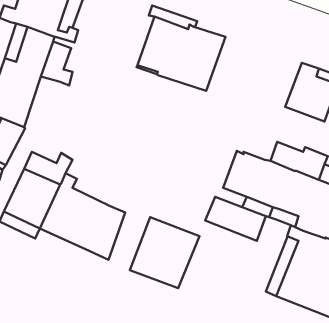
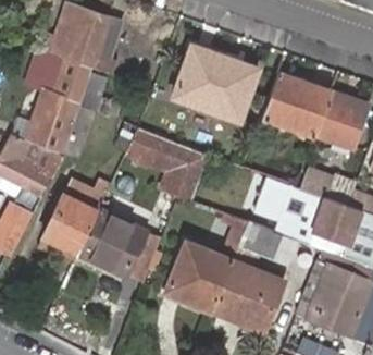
building: none -> [262,74,331,136]
building: none -> [124,126,208,200]
building: none -> [211,260,282,331]

